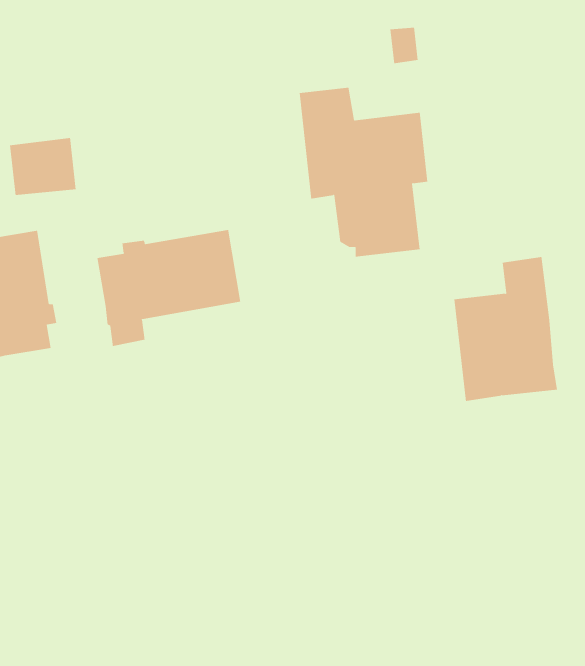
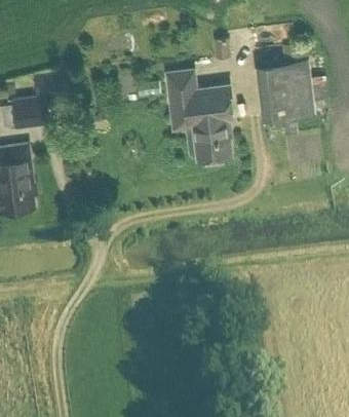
building: [97,229,241,347] -> none
building: [453,257,558,402] -> [257,44,312,121]

